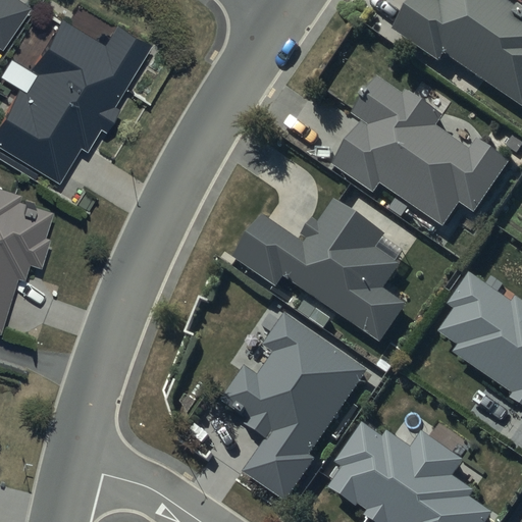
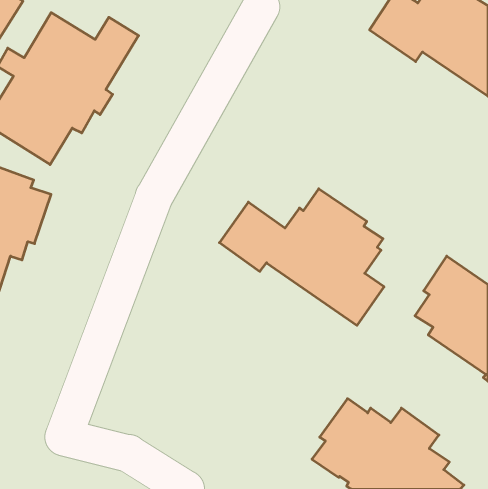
building: [333,76,506,226] -> none
building: [221,316,367,501] -> none

